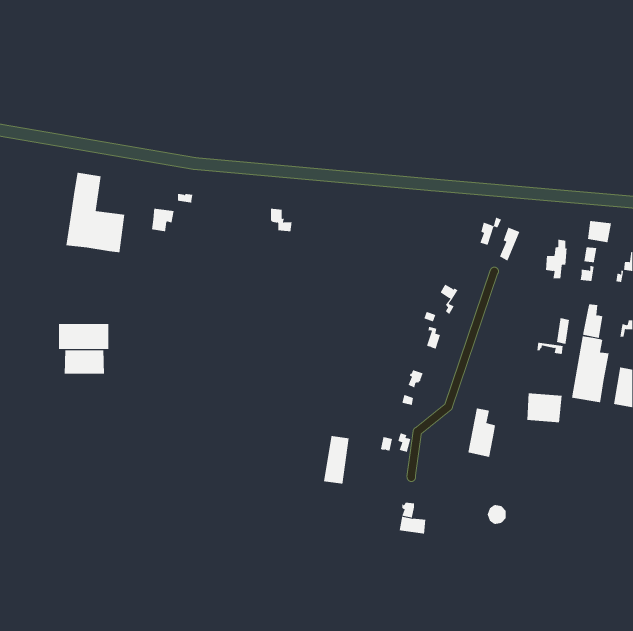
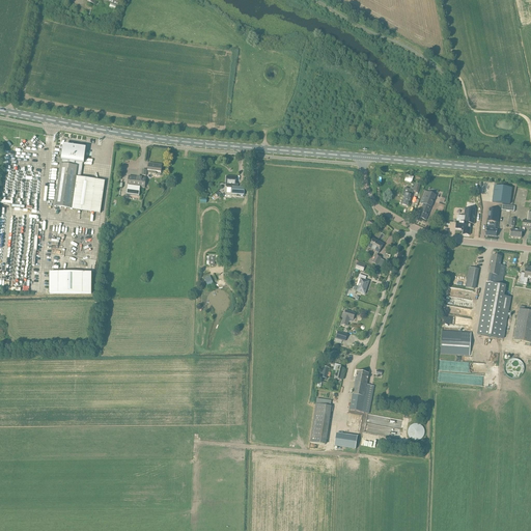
building: [64,350,104,374] -> none
building: [467,408,496,457] -> [350,370,373,412]
building: [323,436,349,484] -> [309,402,331,443]

